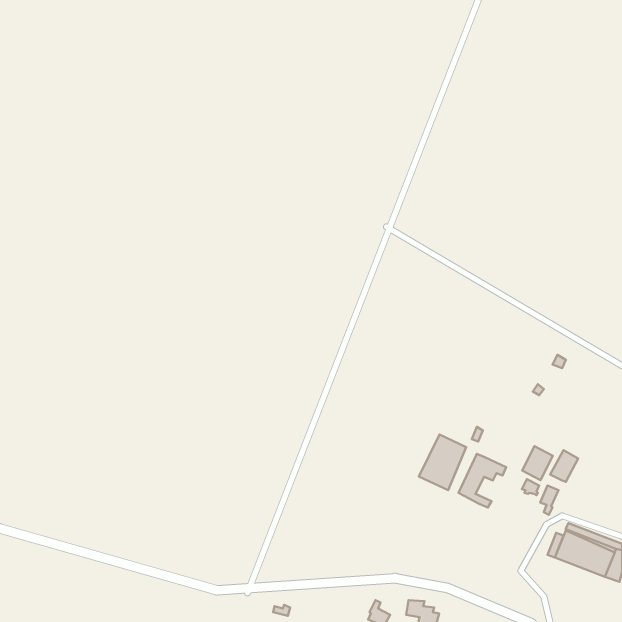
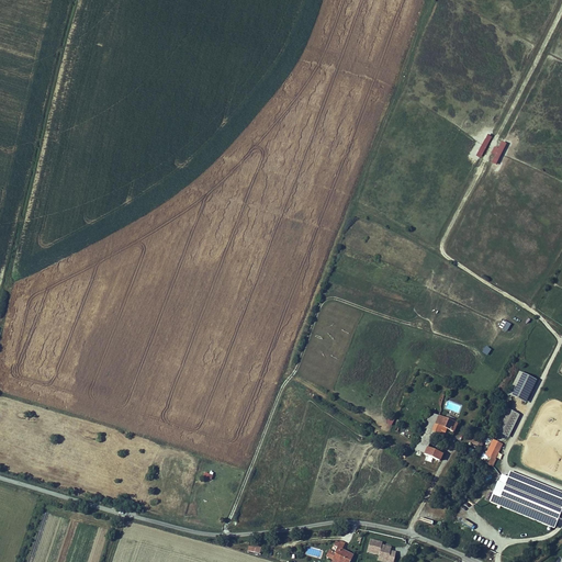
building: [419,435,466,490] -> none
building: [522,446,553,480] -> [510,371,538,402]

